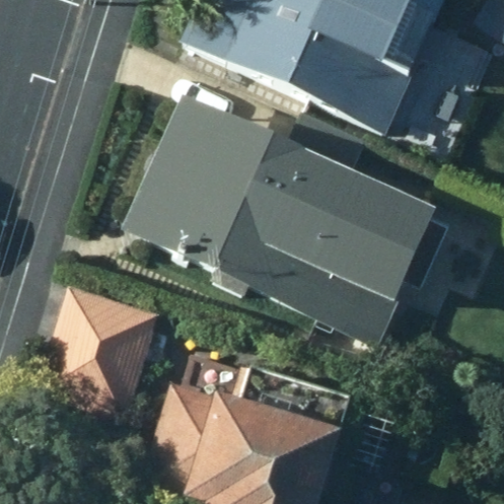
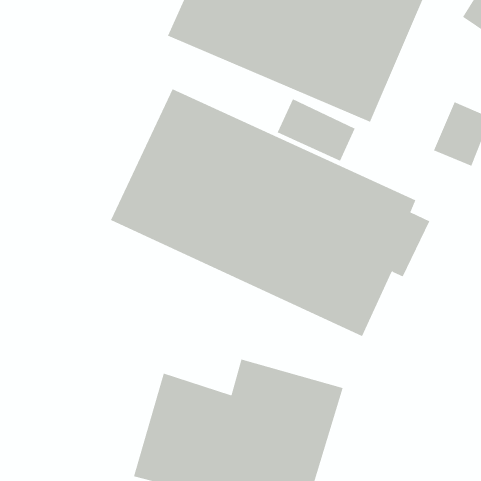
building: [37,285,160,421] -> none

